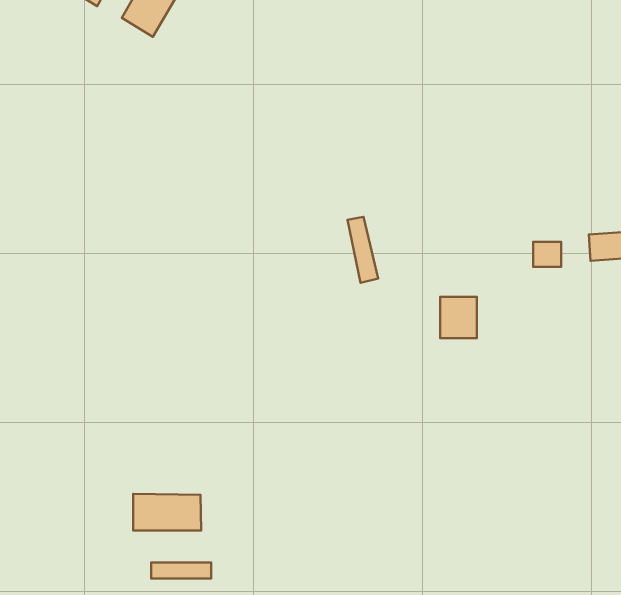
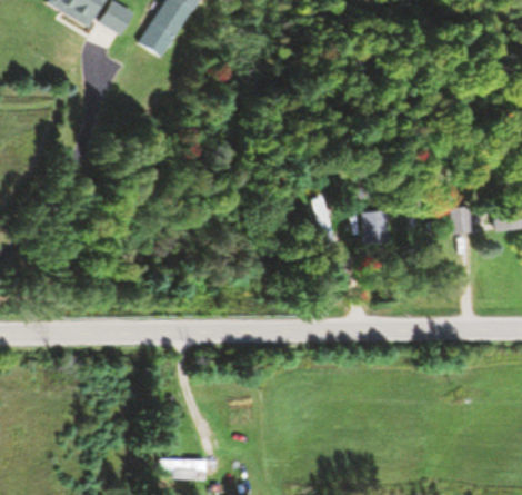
building: [440,297,477,338] -> [362,210,390,241]
building: [133,494,201,530] -> none

